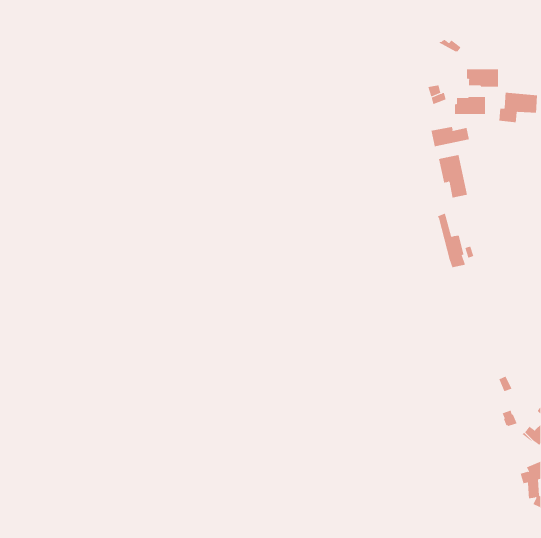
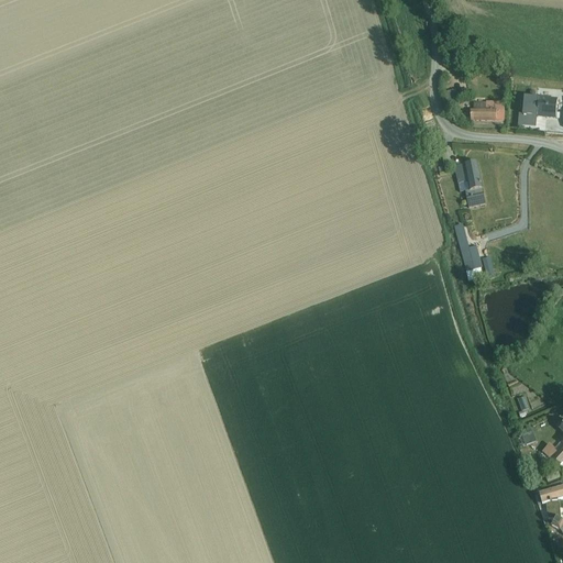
building: [466,68,499,87] -> none
building: [431,126,470,147] -> none

